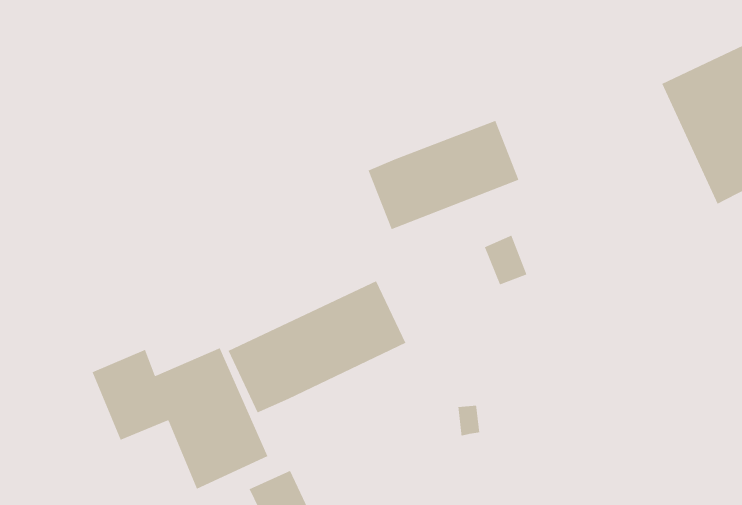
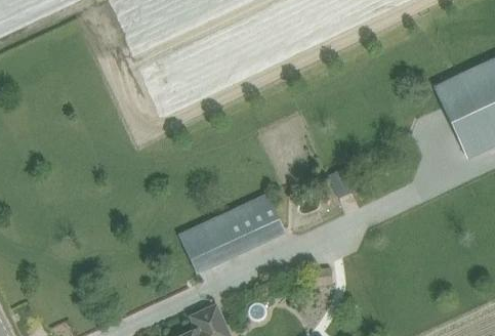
building: [368,120,519,230] -> none
building: [92,347,269,490] -> none

